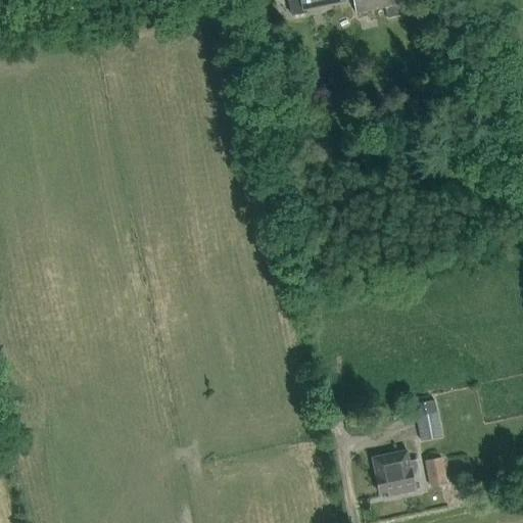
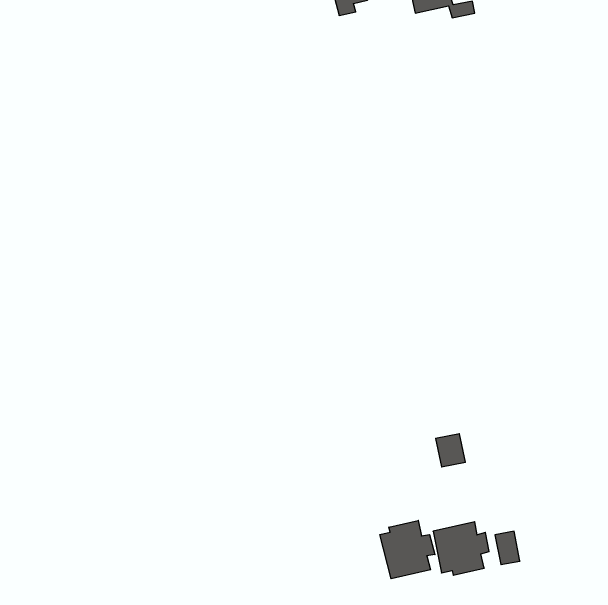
building: [417,411,442,439] -> [436,434,465,467]
building: none -> [380,520,435,579]

